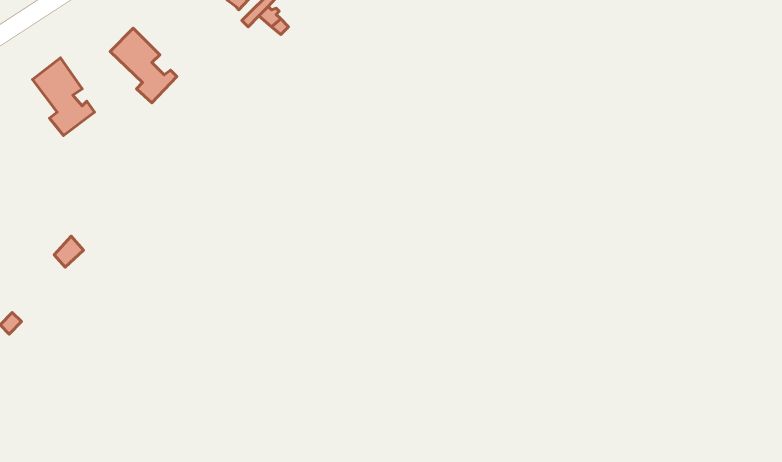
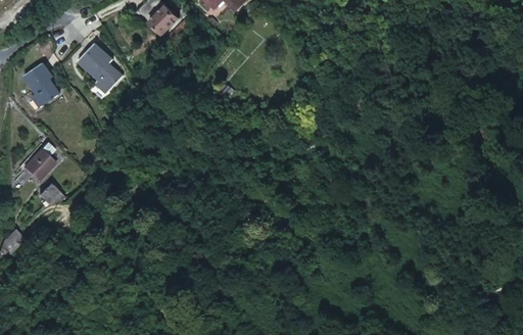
building: none -> [21,147,53,179]

